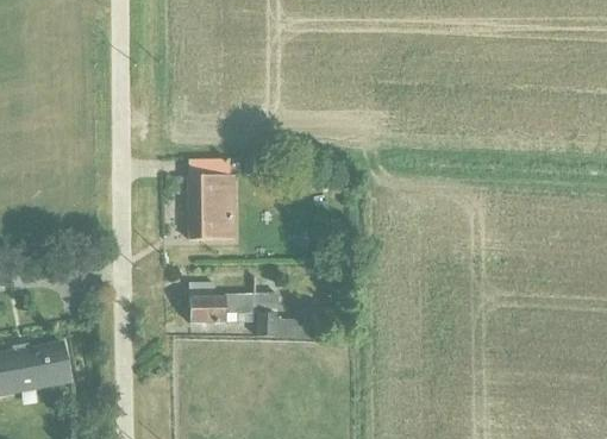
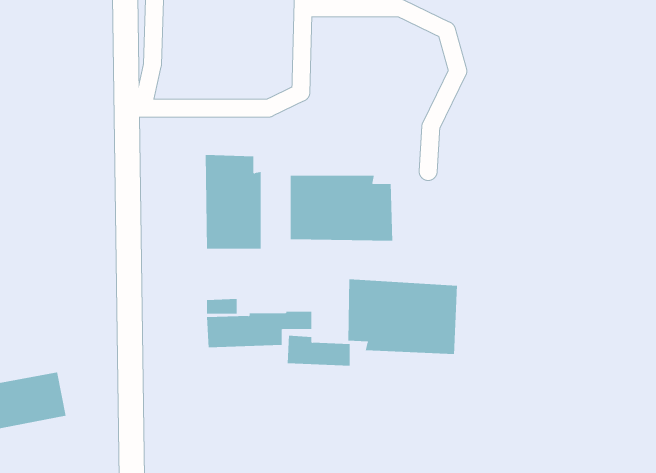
building: none -> [290,175,393,242]
building: none -> [348,279,458,355]

